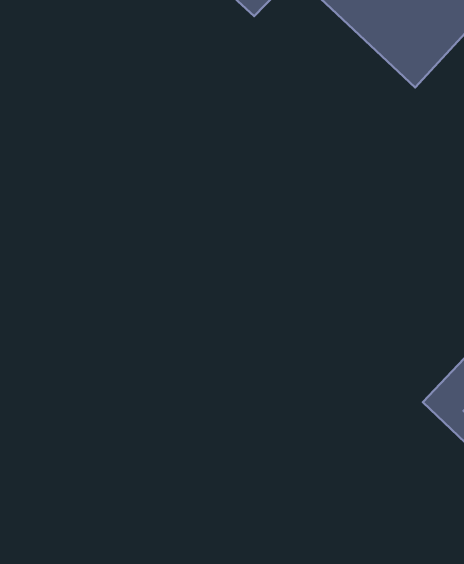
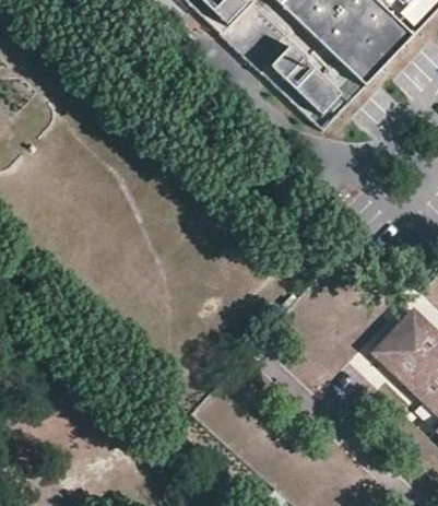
building: none -> [270,43,339,110]

